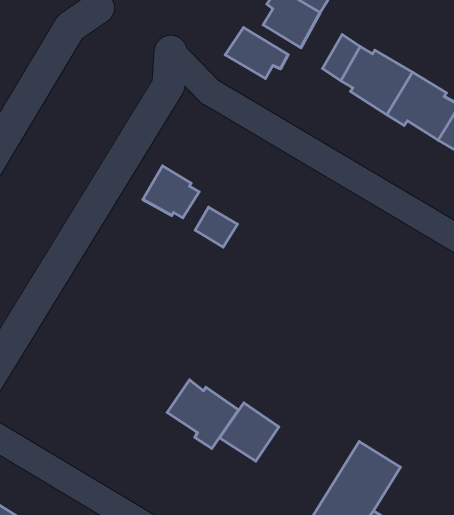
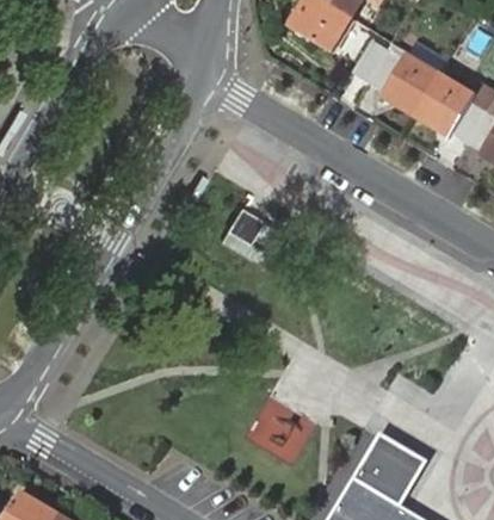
building: [225,28,288,79] -> none
building: [143,166,199,218] -> none
building: [167,380,239,449] -> none

